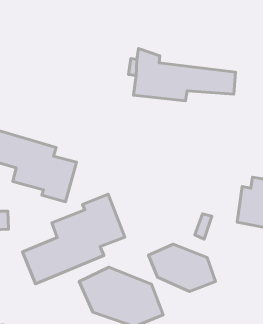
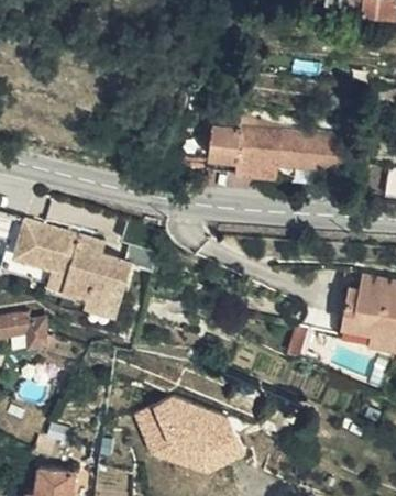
building: [22,194,125,284] -> none
building: [148,244,215,291] -> none

